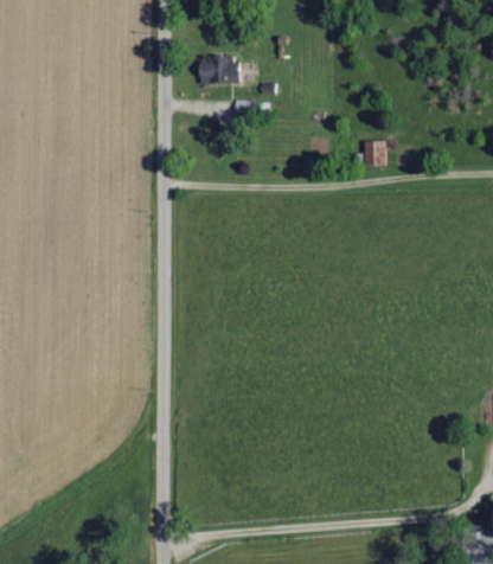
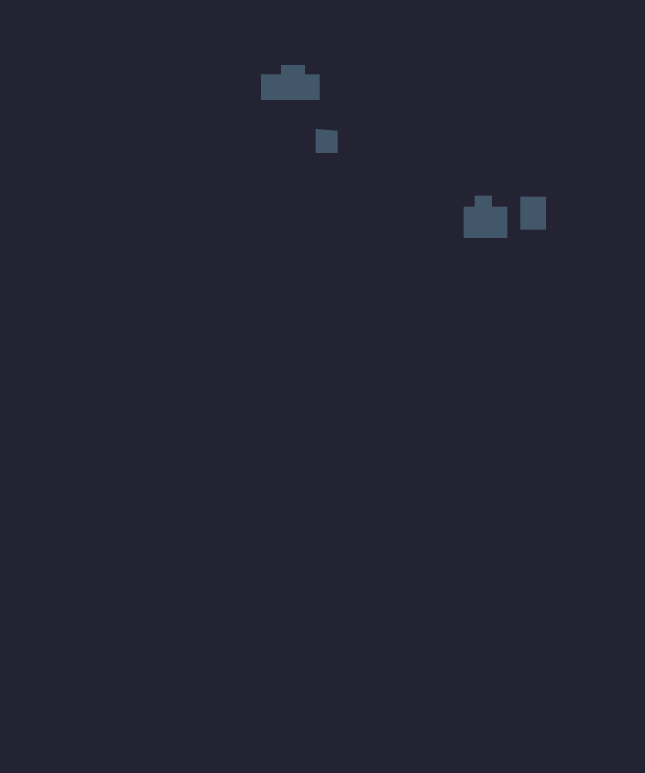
building: none -> [463,195,508,239]

